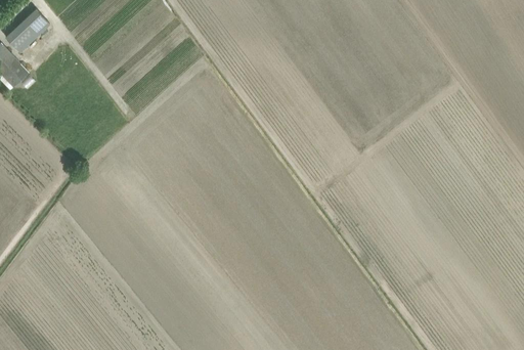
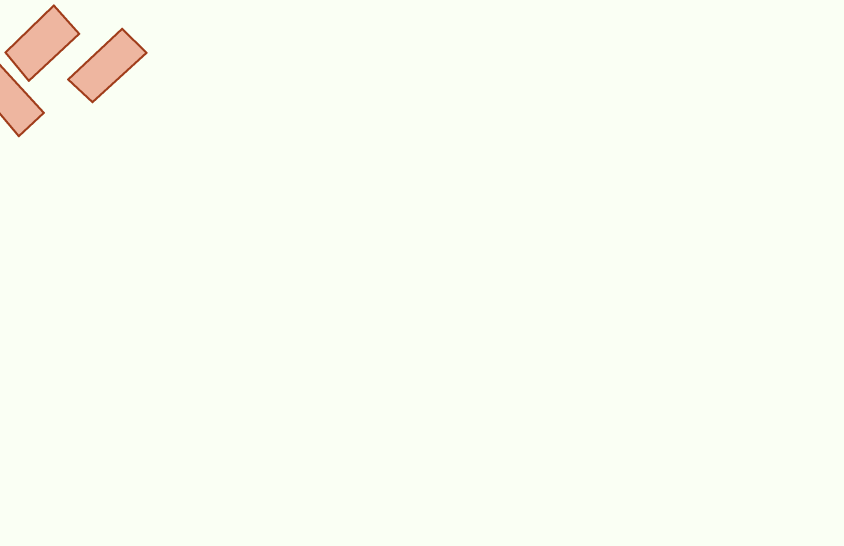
building: none -> [68,29,146,102]

